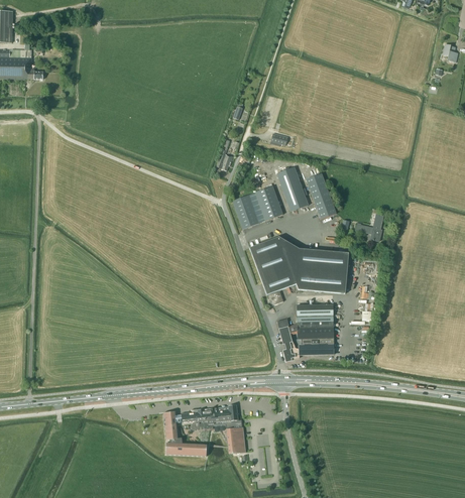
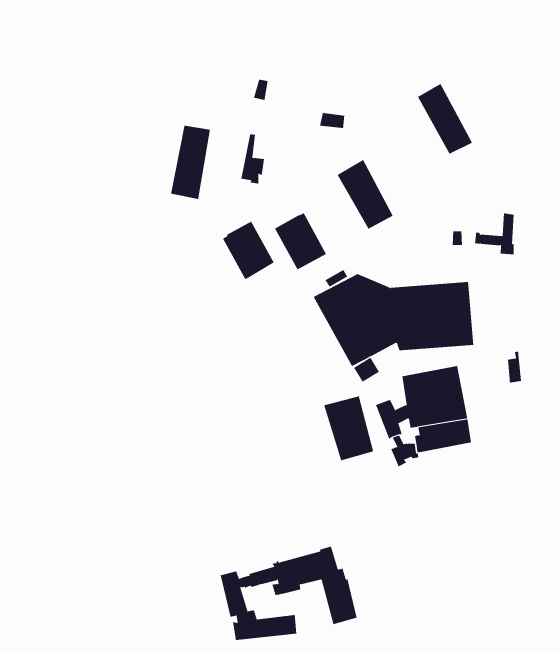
building: none -> [170,125,211,200]
building: [306,173,336,219] -> [417,83,473,155]
building: [252,185,282,222] -> [222,221,274,280]
building: none -> [323,396,374,461]

